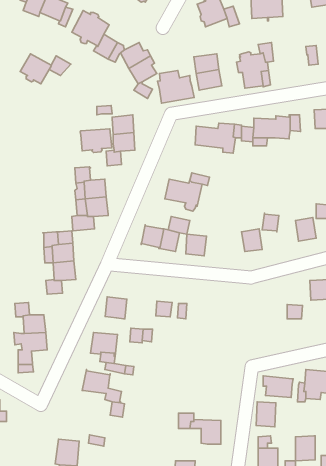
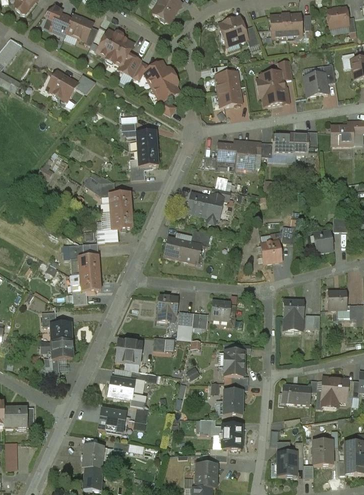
building: none -> [304,72,328,95]
building: [158,71,194,103] -> none
building: [80,129,112,152] -> none
building: [186,234,206,256] -> [211,299,231,320]
building: none -> [283,299,303,329]
building: [105,297,127,319] -> [157,293,178,314]
building: none -> [225,351,243,376]
building: [256,402,276,427] -> [223,390,242,414]
building: none -> [98,408,125,432]

